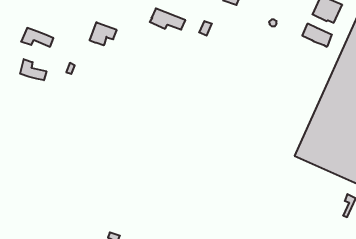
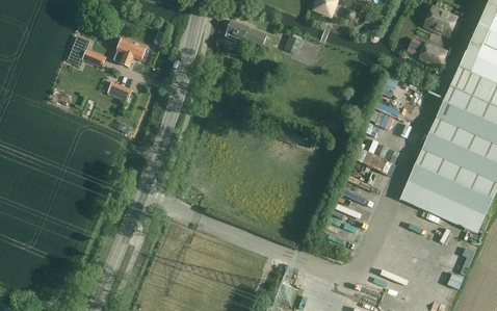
building: [89,22,117,45] -> [112,36,146,64]
building: [20,59,46,80] -> none

